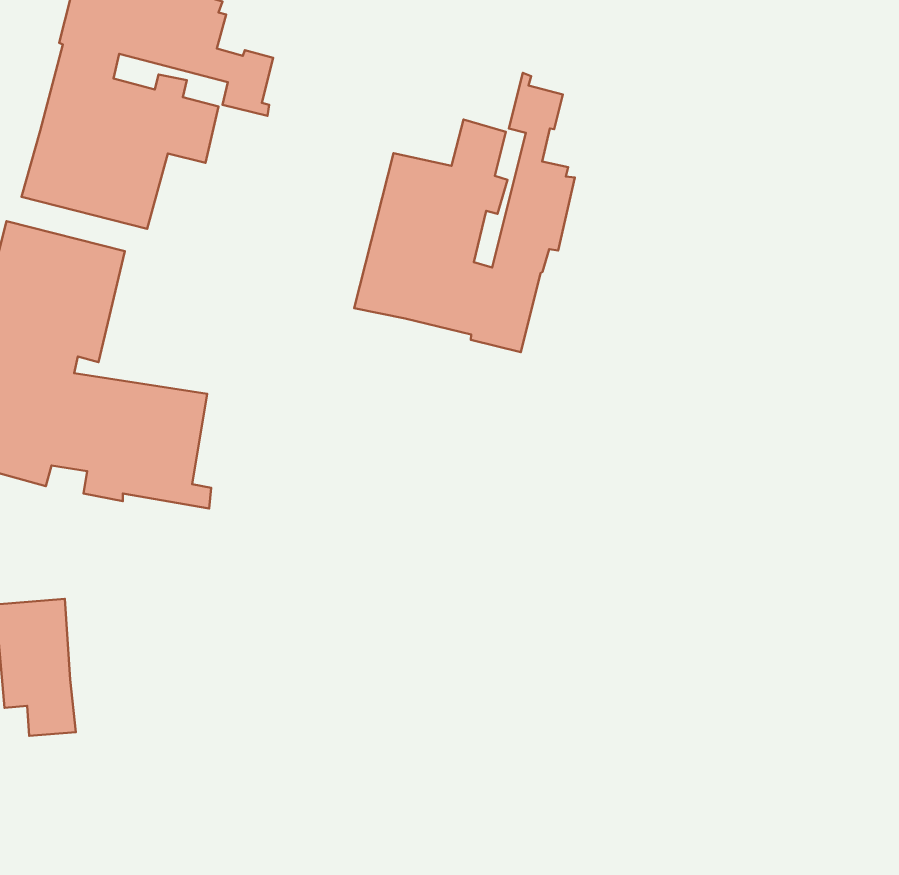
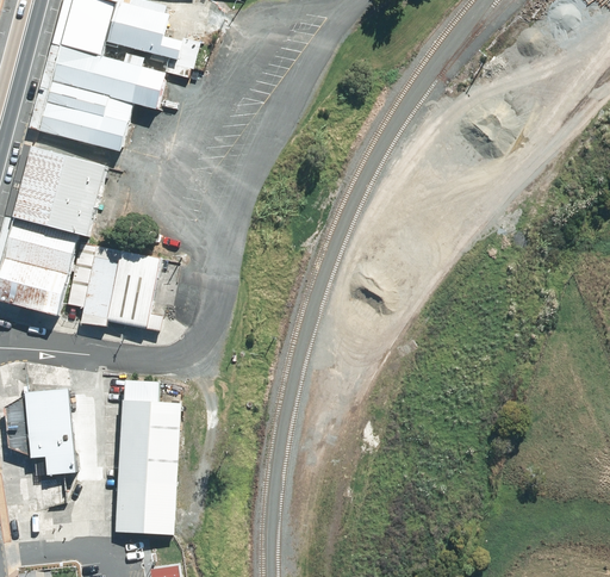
building: [354,73,575,352] -> none
building: none -> [114,379,181,534]

